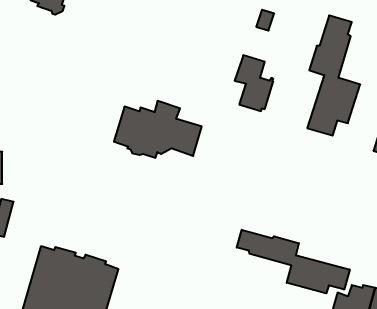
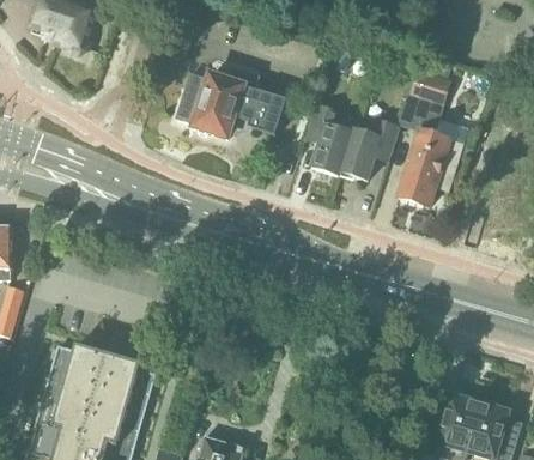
building: none -> [342,122,396,178]
building: [114,101,202,158] -> [174,65,285,137]
building: [237,230,350,293] -> none

